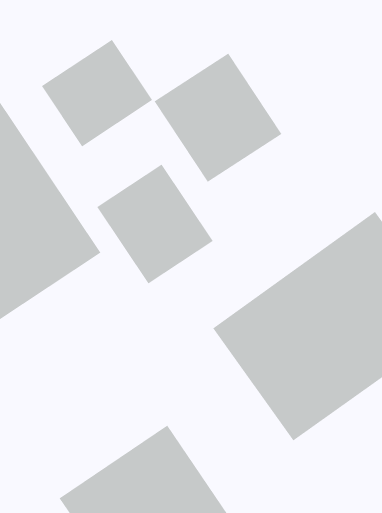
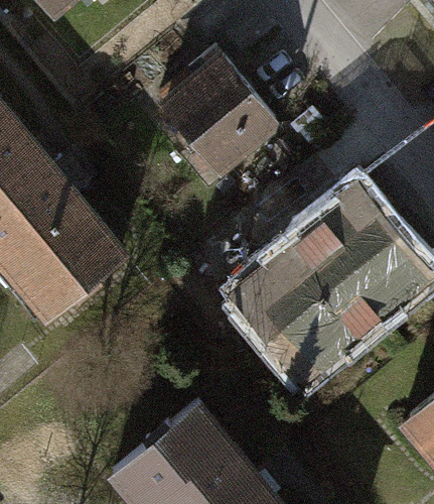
building: [41,39,153,147] -> none
building: [96,163,214,285] -> none

